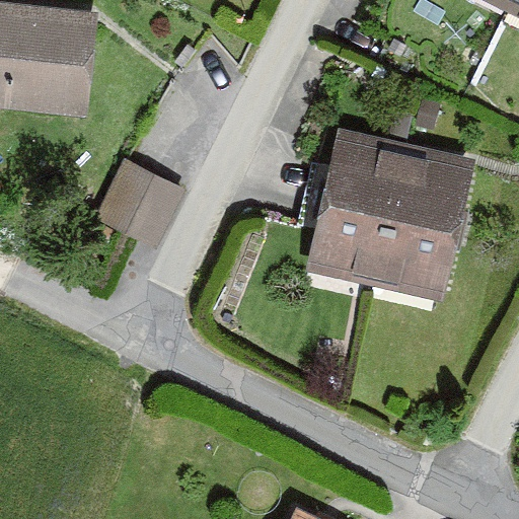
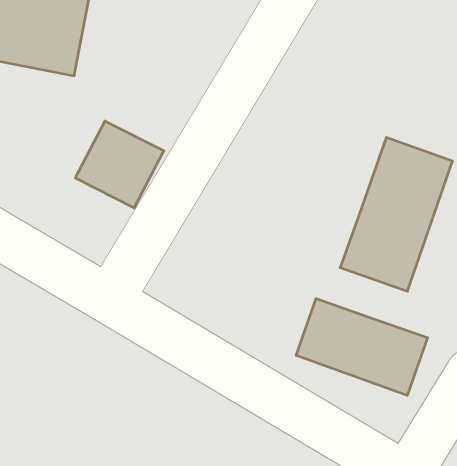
building: [305,131,407,285] -> none
building: none -> [296,299,428,395]

